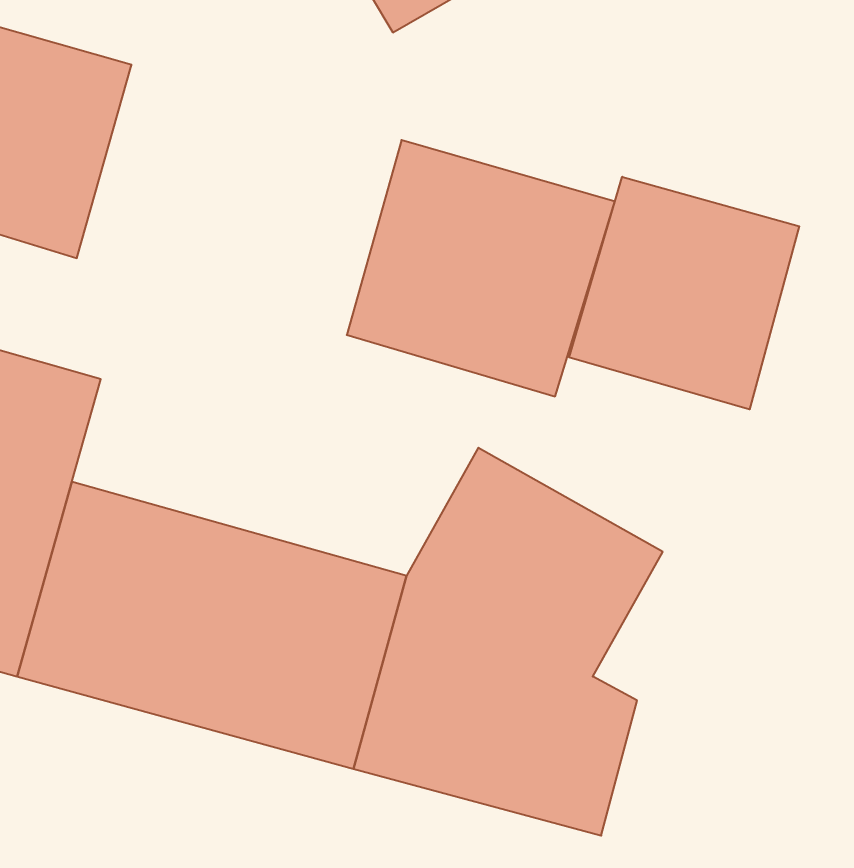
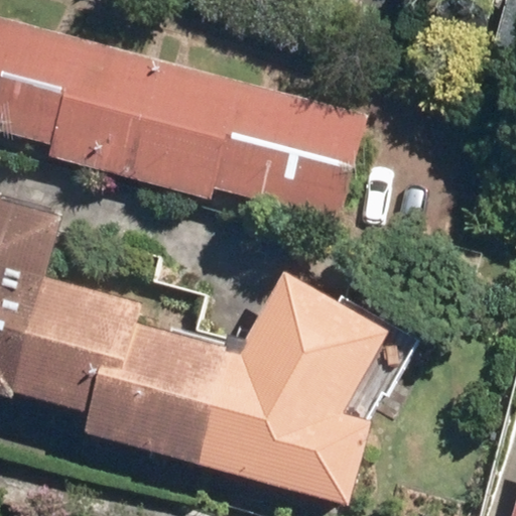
building: none -> [45,38,237,198]
building: [569,177,799,409] -> none

